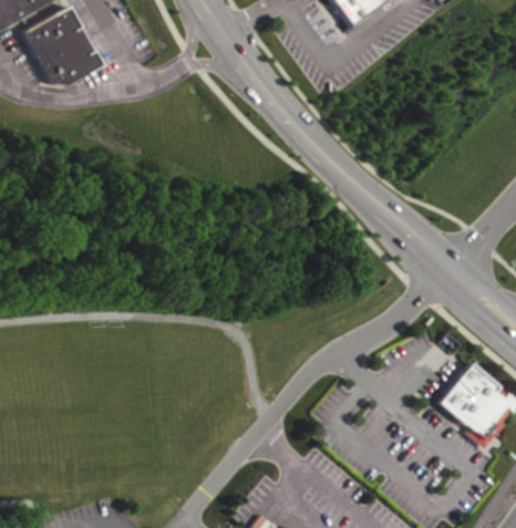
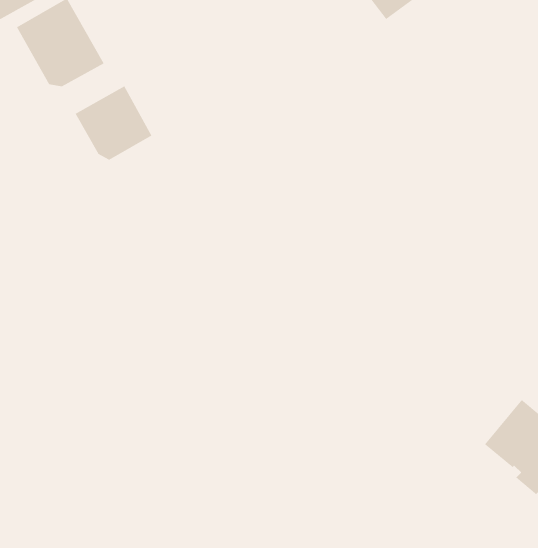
building: none -> [75,85,152,160]

